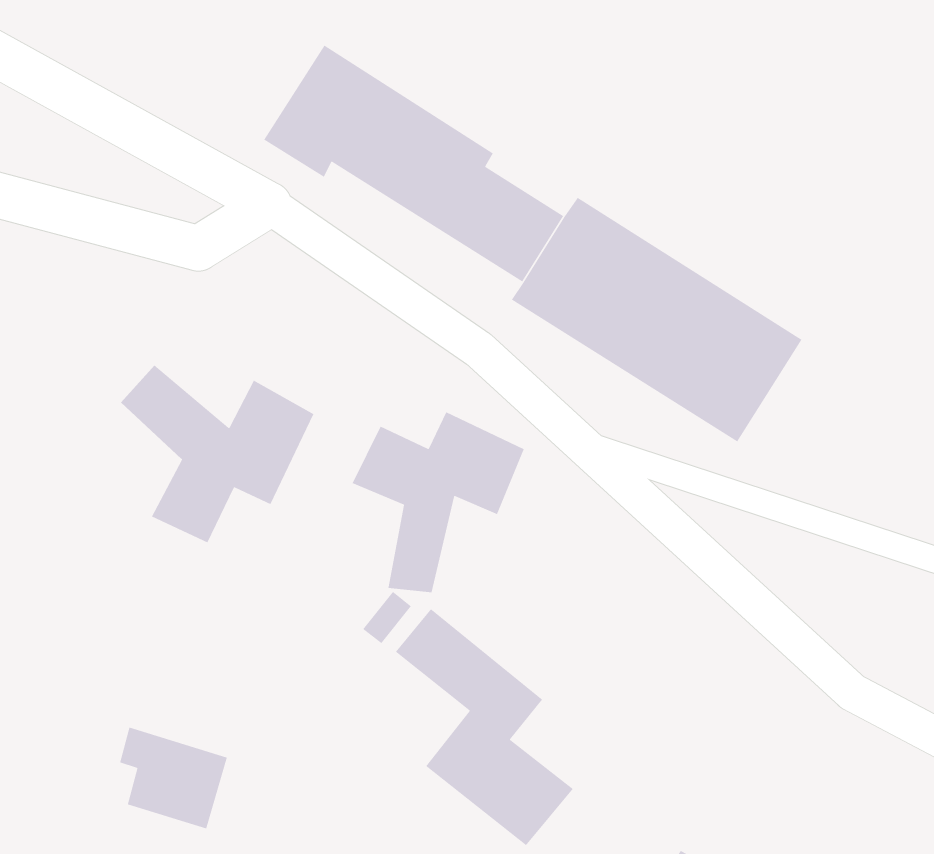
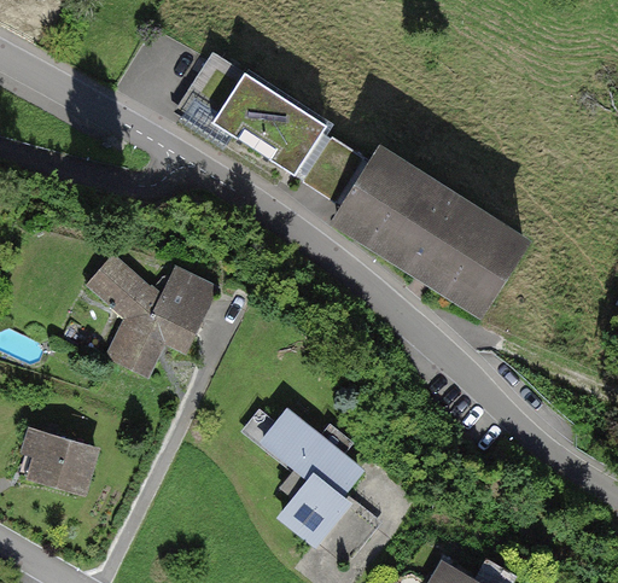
building: [352,411,525,593] -> none
building: [119,727,228,829] -> [25,427,94,492]

